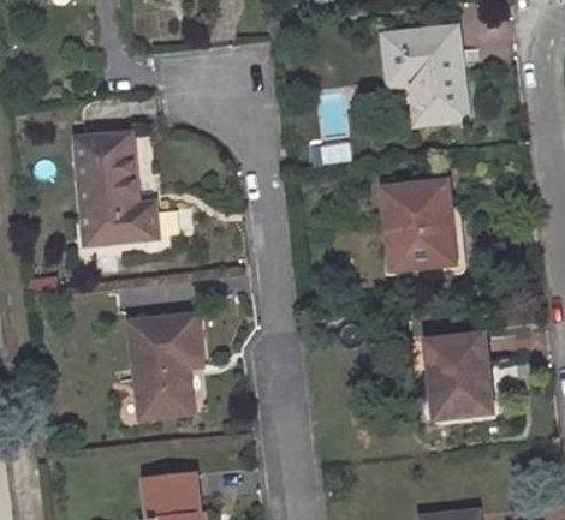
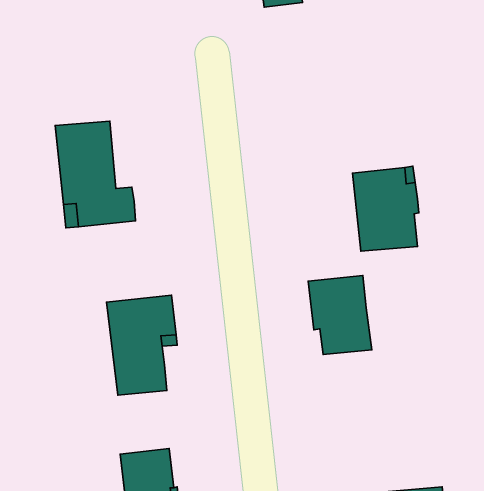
building: [385,28,466,122] -> none
building: [428,334,494,416] -> [308,275,372,354]

